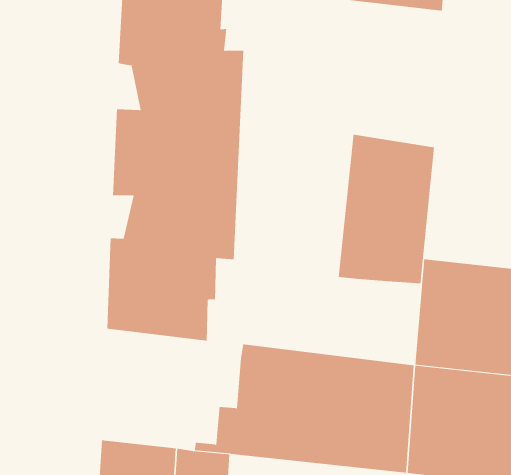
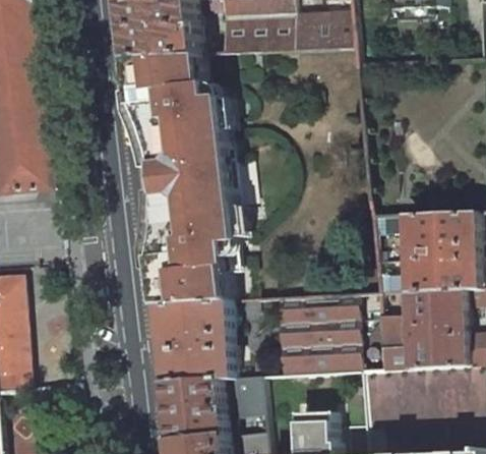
building: [338,134,434,284] -> none
building: none -> [154,300,249,383]

